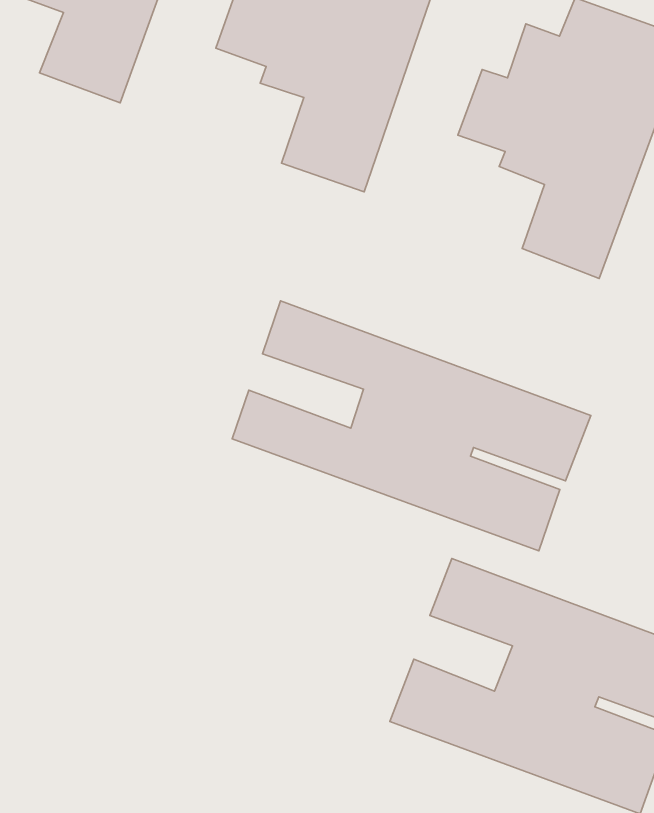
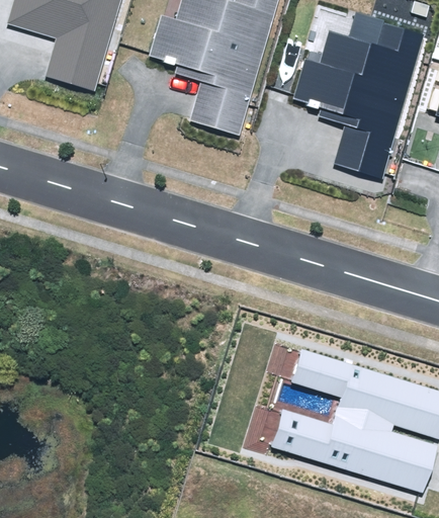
building: [232,301,591,551] -> none

